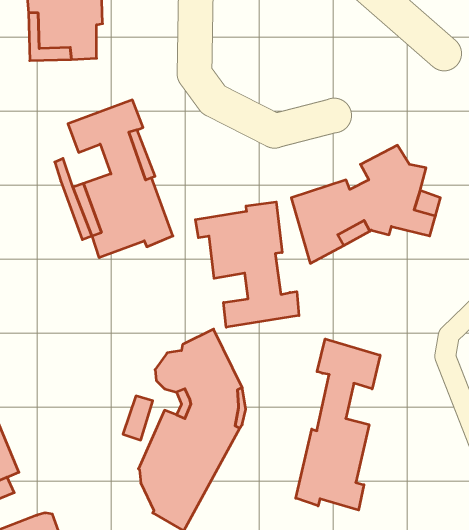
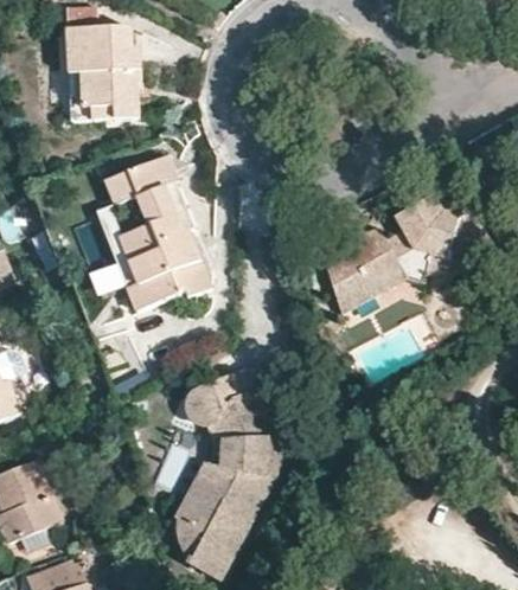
building: [195,202,299,327] -> none
building: [296,339,380,510] -> none

